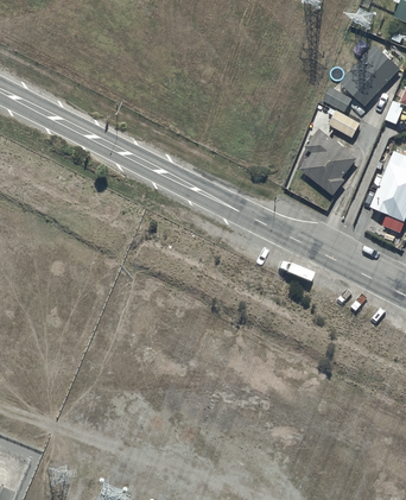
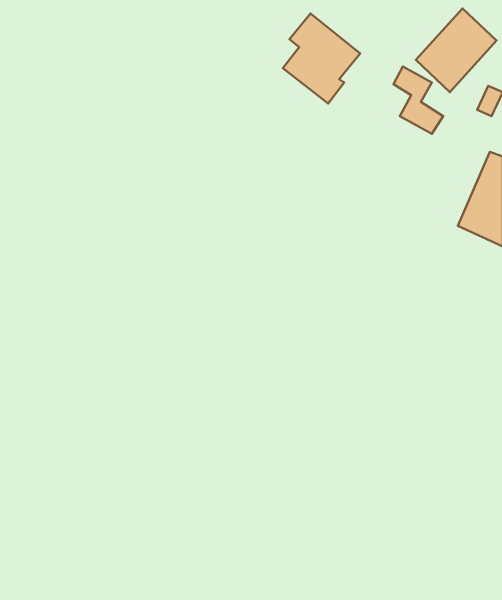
building: [300,128,357,195] -> [283,13,360,103]

